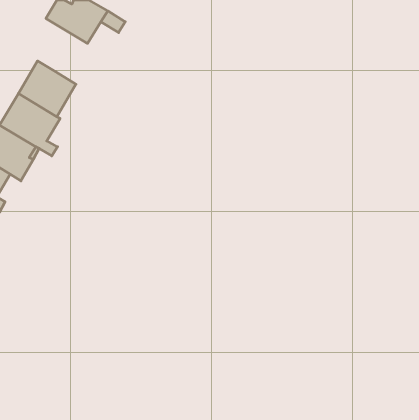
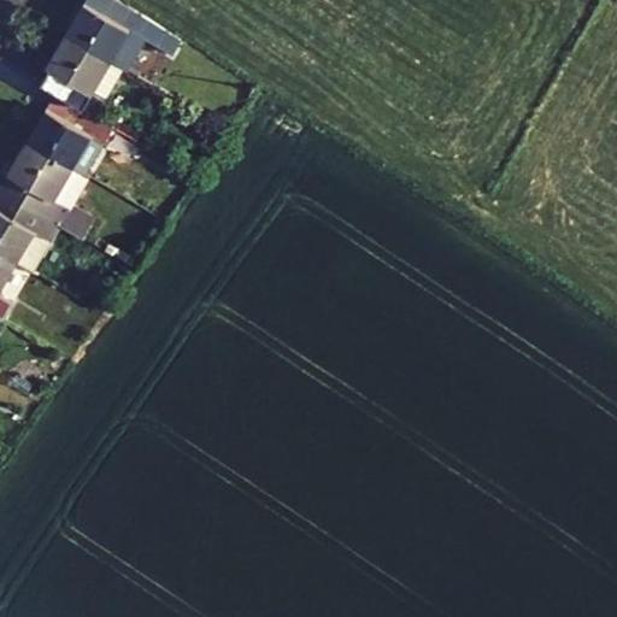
building: none -> [47,35,124,112]

